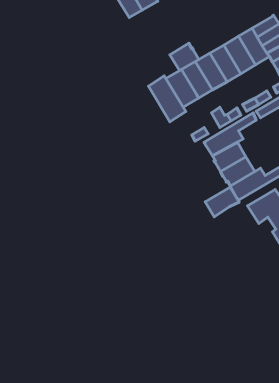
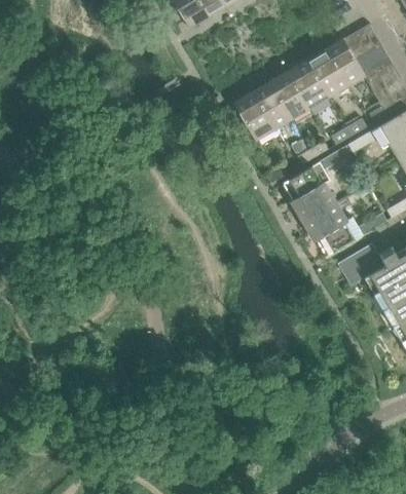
building: [170,43,199,70] -> none
building: [148,76,186,122] -> none
building: [205,187,239,217] -> none

